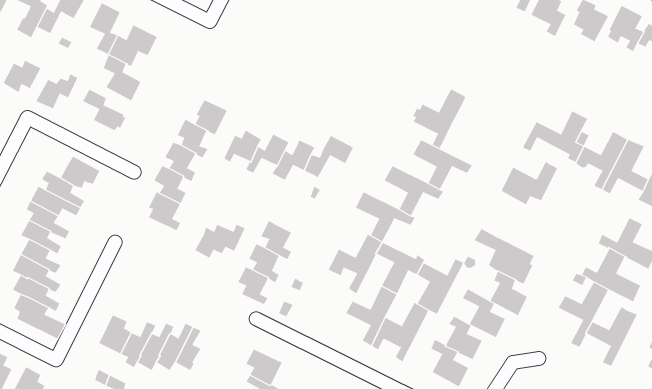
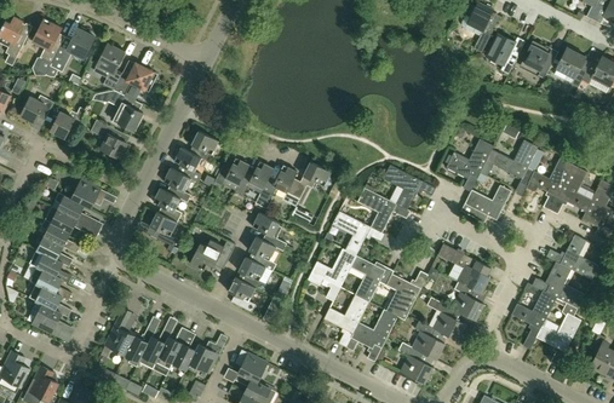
building: [413,89,466,149] -> [446,138,493,191]
building: none -> [252,212,286,251]
building: none -> [189,340,223,373]

